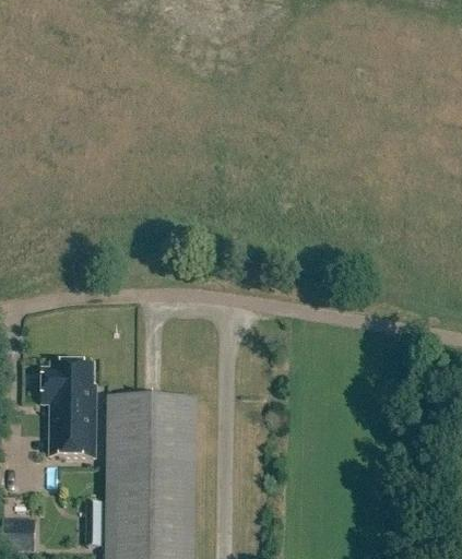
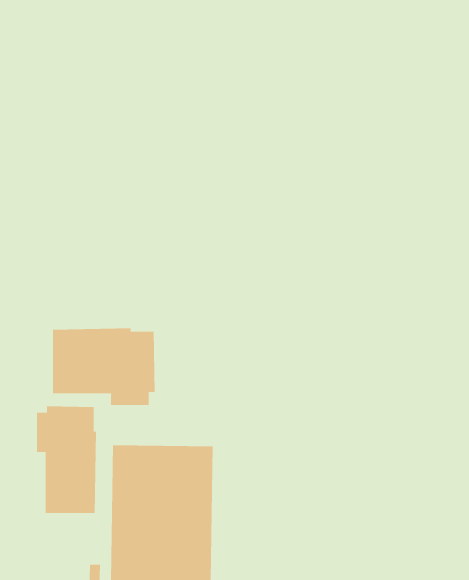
building: none -> [53,327,155,406]

